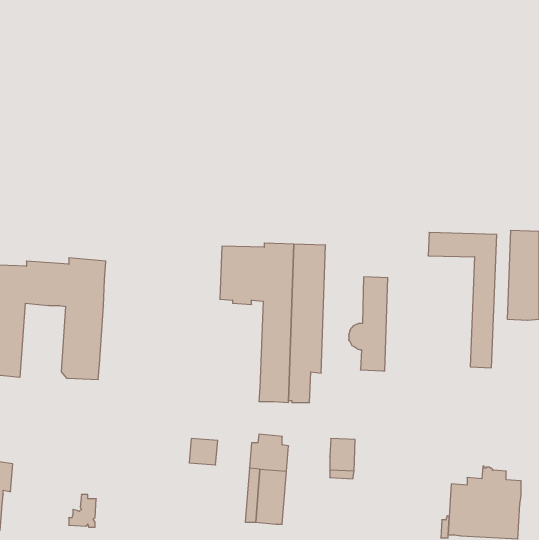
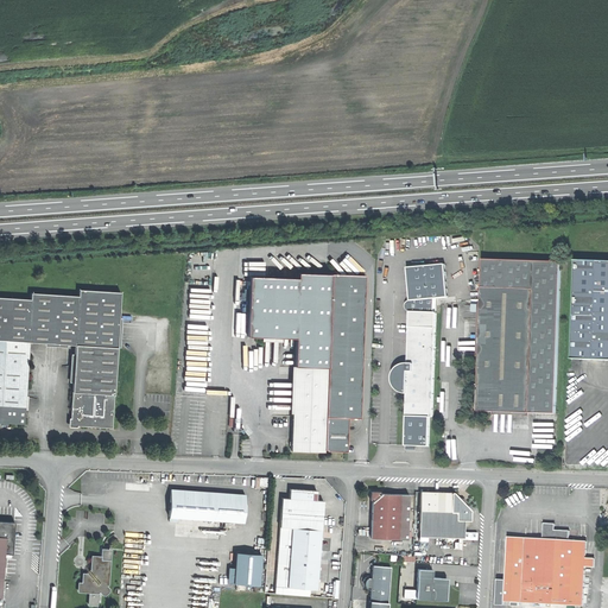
building: none -> [405,265,446,312]
building: none -> [476,287,533,412]
building: none -> [405,416,430,448]
building: none -> [167,489,215,520]
building: none -> [417,492,469,531]
building: none -> [233,552,261,585]
building: none -> [365,565,388,602]
building: none -> [413,569,445,601]

